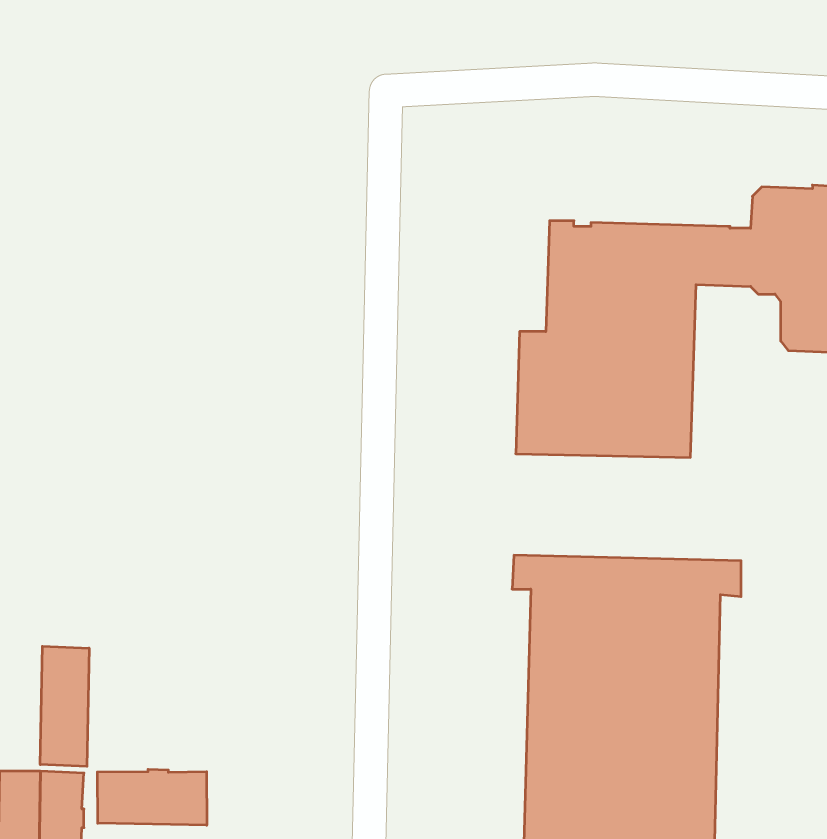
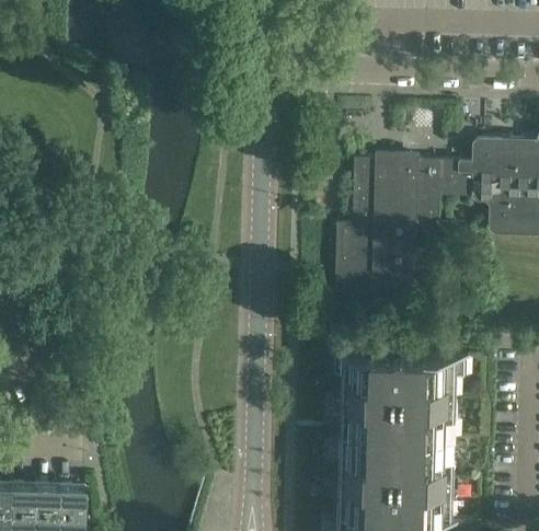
building: [40,646,89,766] -> none
building: [97,769,207,825] -> none

